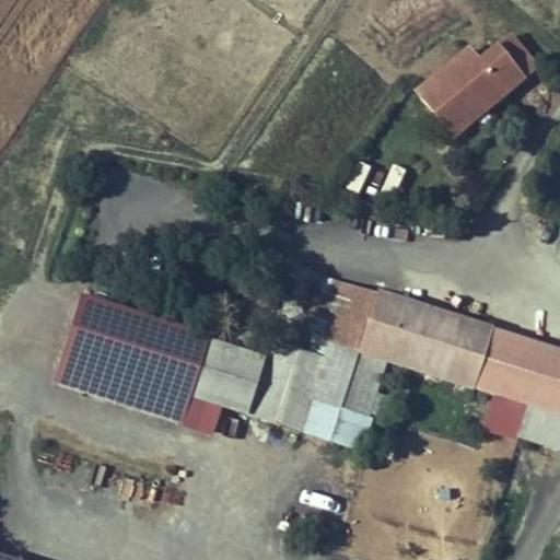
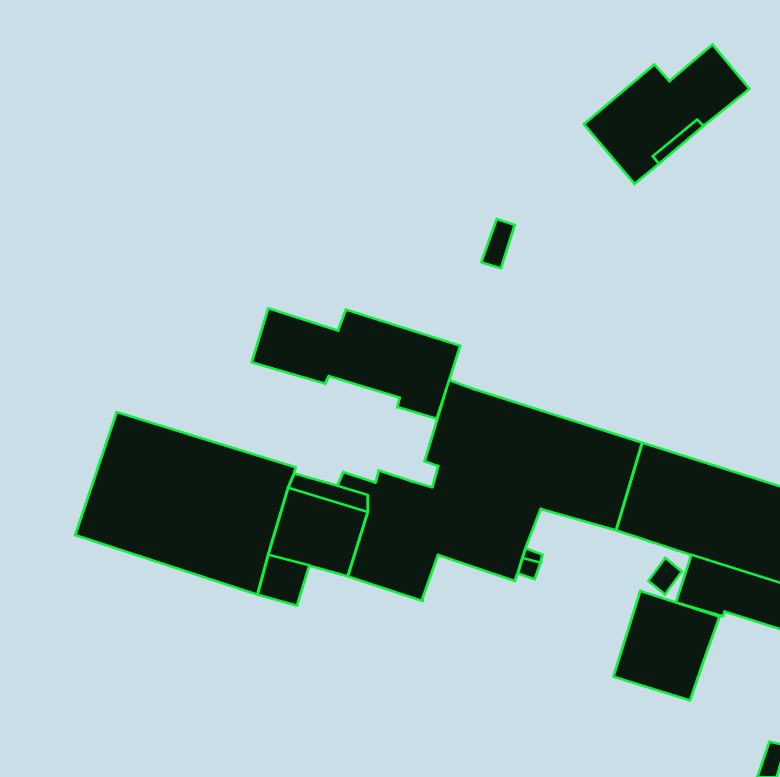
building: none -> [252,308,460,419]
building: [304,396,373,445] -> none
building: none -> [614,591,720,701]

